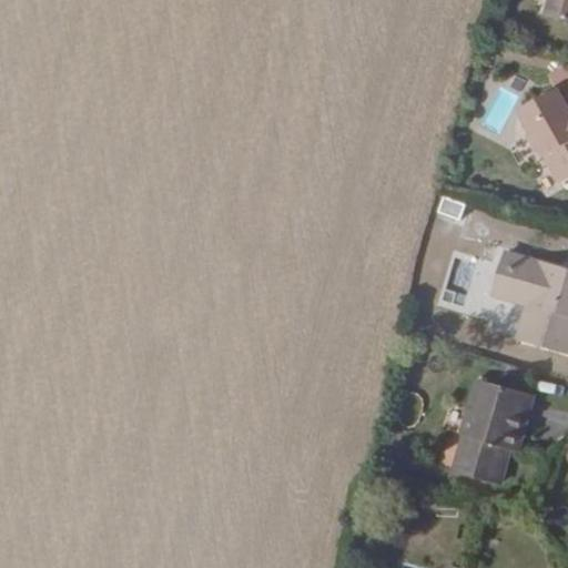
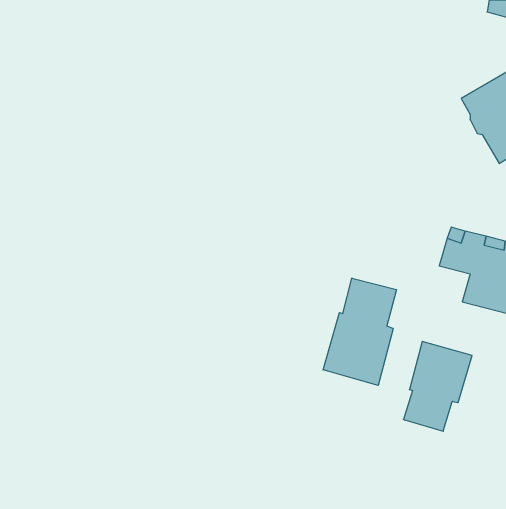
building: none -> [323,278,396,385]

